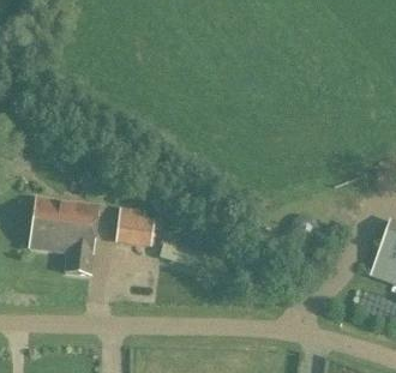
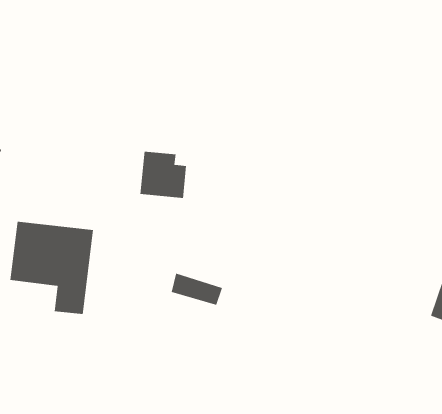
building: [115,206,154,245] -> [139,151,187,199]

